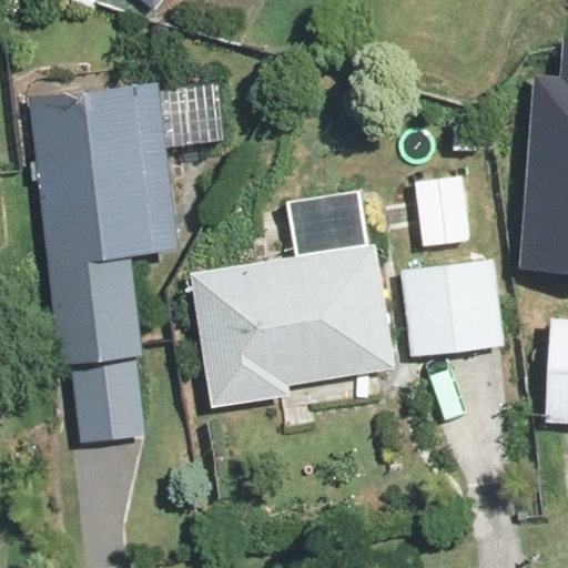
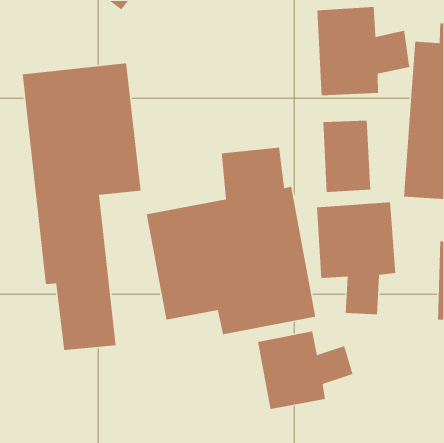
building: none -> [316,6,410,96]
building: none -> [257,330,353,410]

